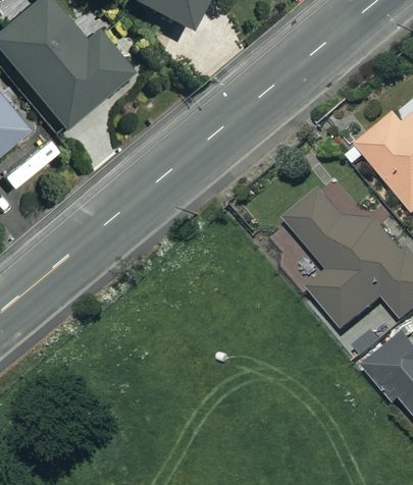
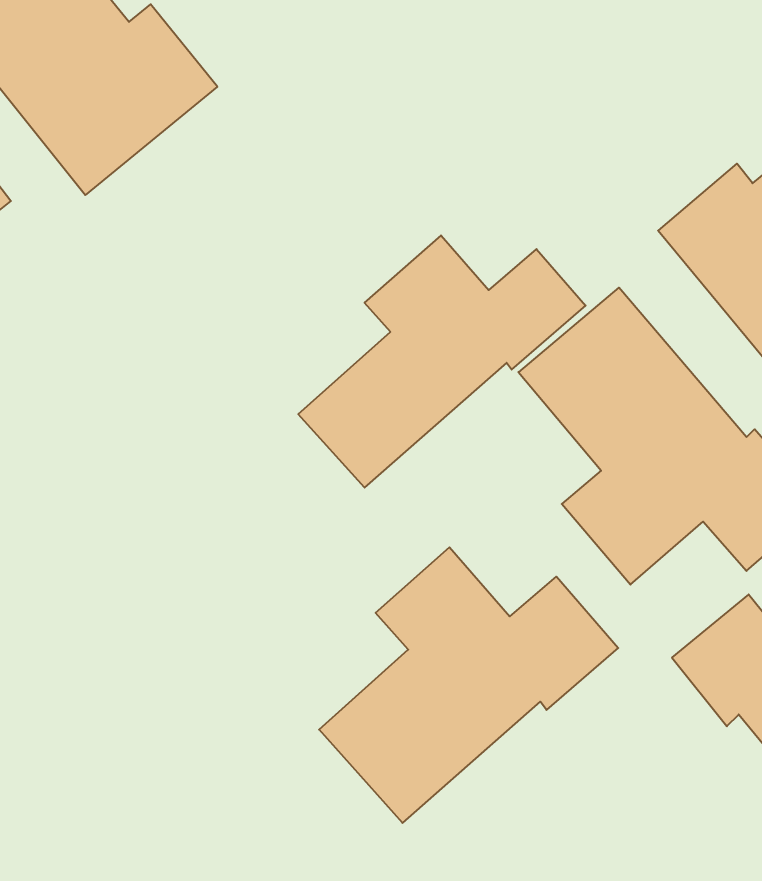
building: none -> [298,235,586,488]
building: none -> [319,547,618,823]

